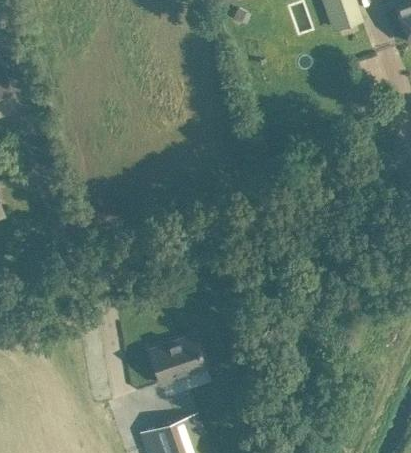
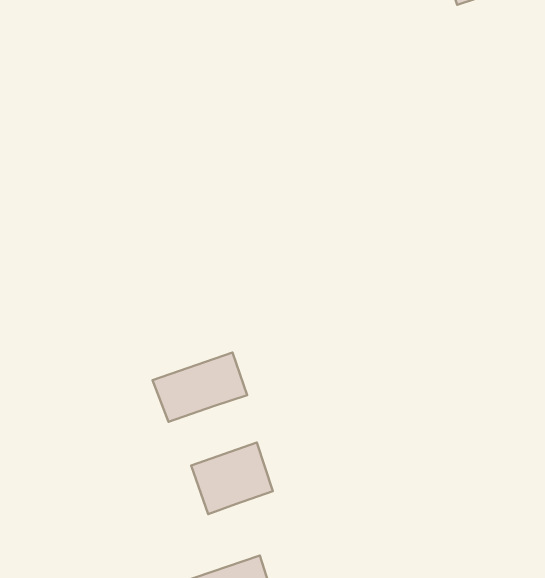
building: none -> [153,352,247,422]

